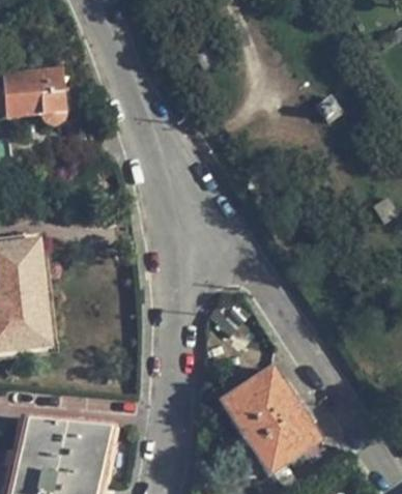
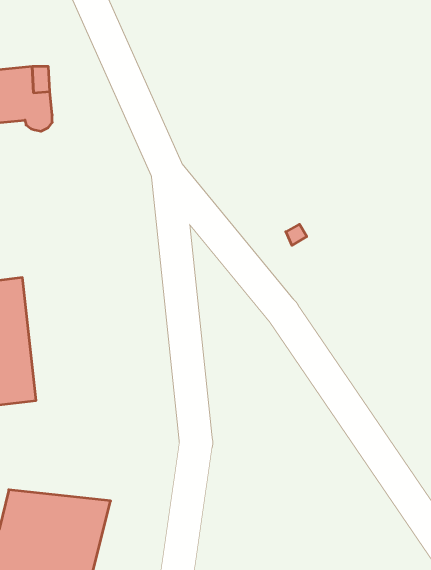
building: [220,365,324,476] -> none

